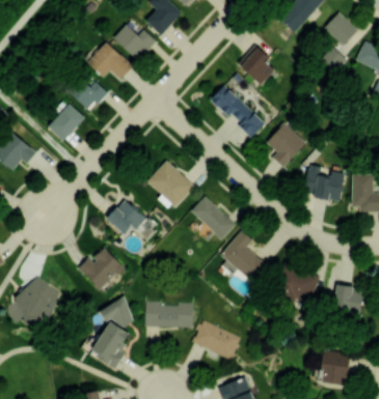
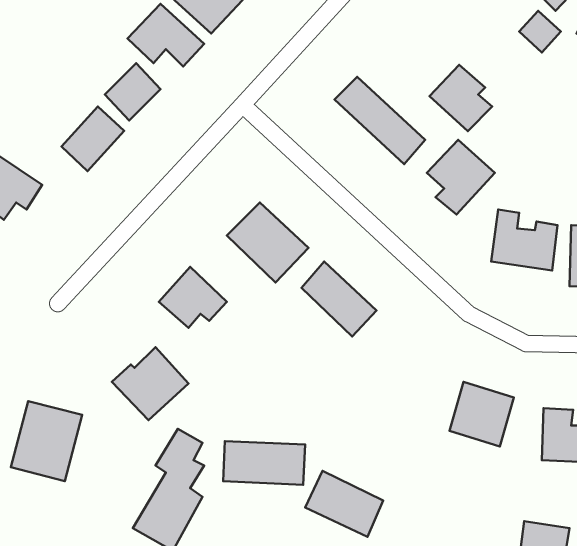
building: [238,45,275,84] -> [429,65,492,131]
building: [220,229,268,281] -> none

